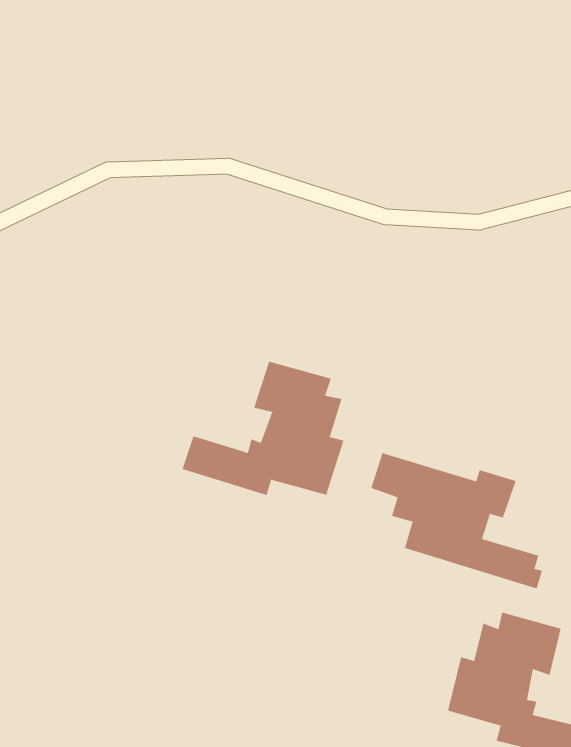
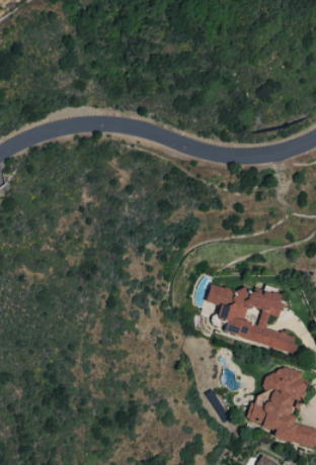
building: [182,361,344,496] -> none

